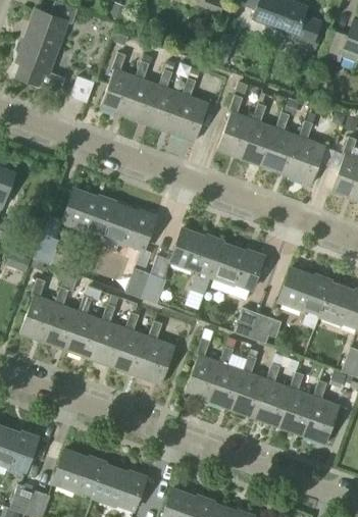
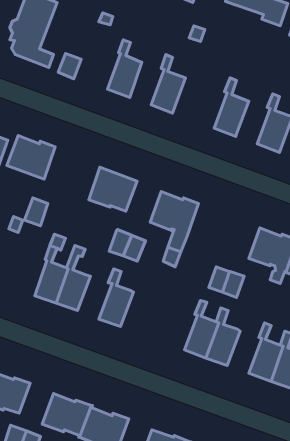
building: [100,52,138,115] -> none
building: [148,69,186,133] -> none
building: [217,95,255,158] -> none
building: [264,112,302,175] -> none
building: [62,189,115,237] -> [7,136,55,179]
building: [211,241,264,289] -> none
building: [20,278,57,342] -> none
building: [91,304,129,367] -> none
building: [138,320,175,384] -> none
building: [185,338,222,401] -> none
building: [255,363,293,426] -> none

